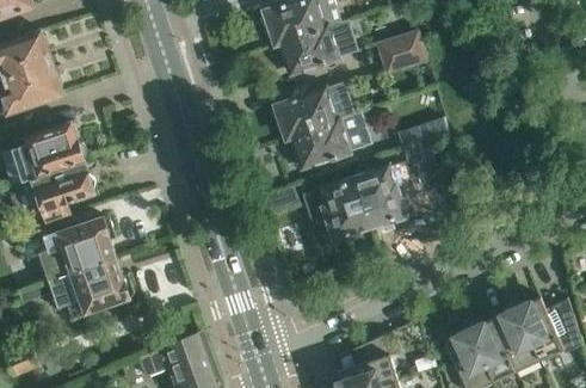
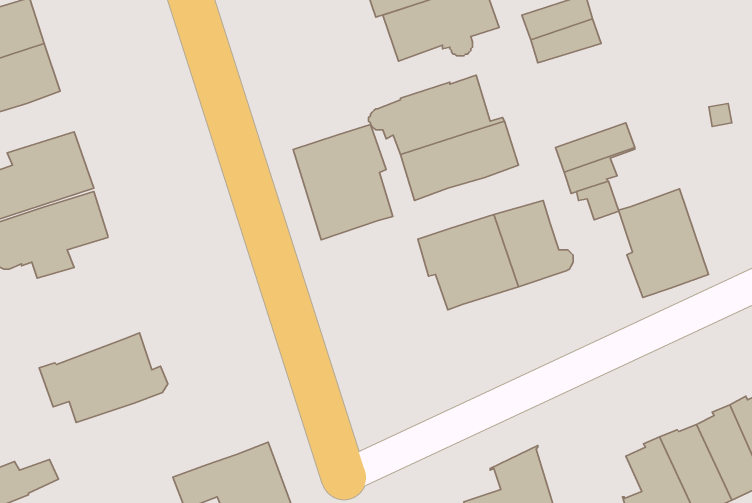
building: none -> [293,125,393,240]
building: none -> [619,189,708,297]
building: [38,216,115,282] -> none

